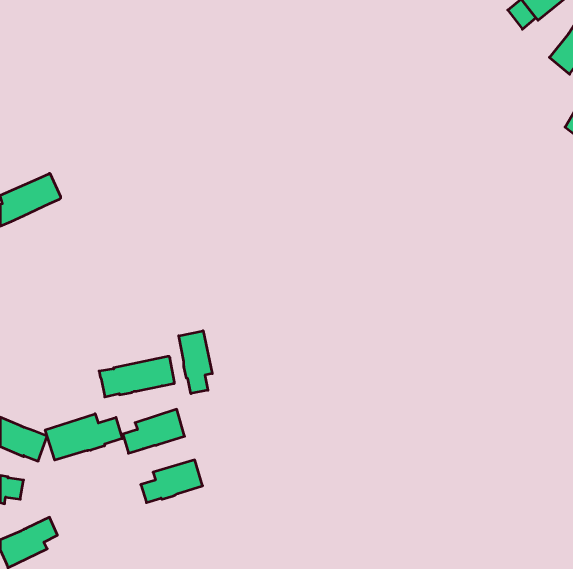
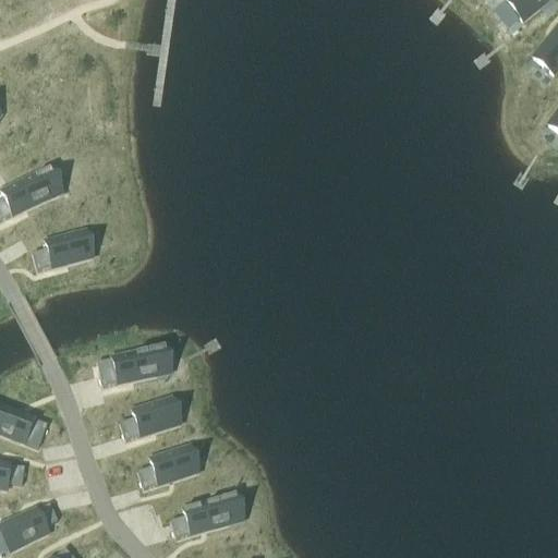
building: none -> [34,230,94,270]
building: [179,331,212,394] -> none
building: [45,414,122,460] -> none
building: none -> [171,494,243,537]

